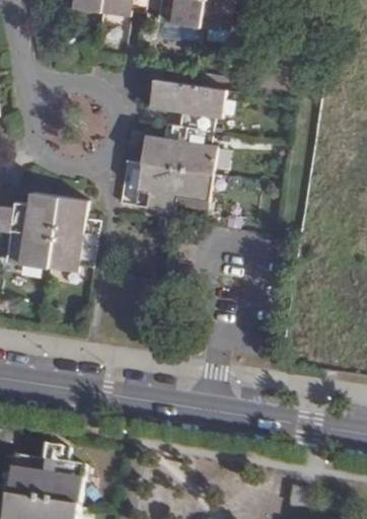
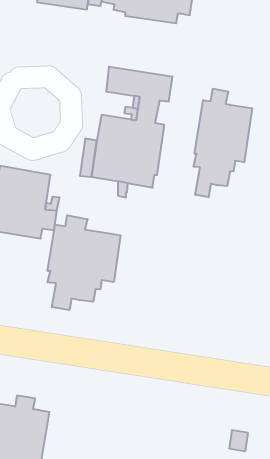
building: none -> [194,89,252,197]
building: none -> [48,215,120,310]

